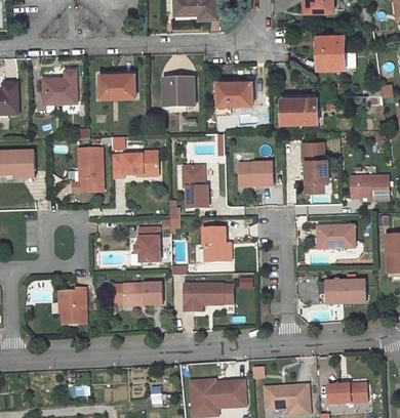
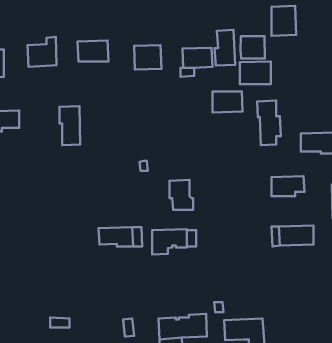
building: none -> [214,30,235,65]
building: none -> [241,36,265,59]
building: [112,151,158,177] -> none
building: [239,163,273,186] -> [213,92,243,112]
building: [183,166,208,208] -> none
building: [138,227,159,262] -> none
building: [58,288,86,324] -> none
building: [327,384,367,405] -> none

